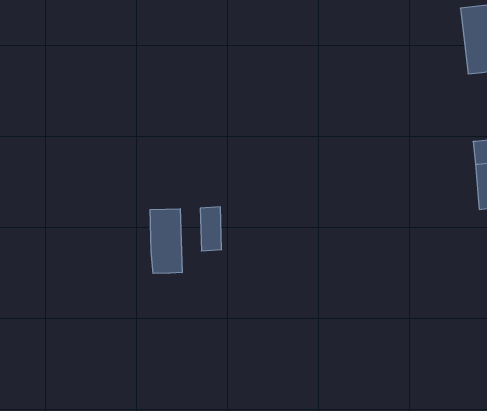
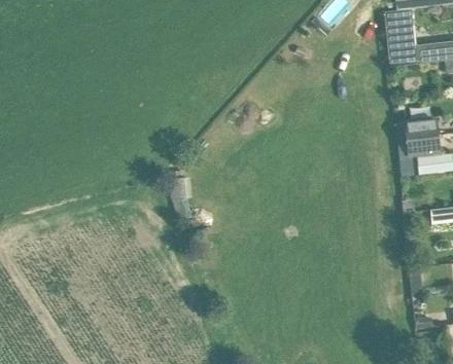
building: [150,209,182,273] -> none

